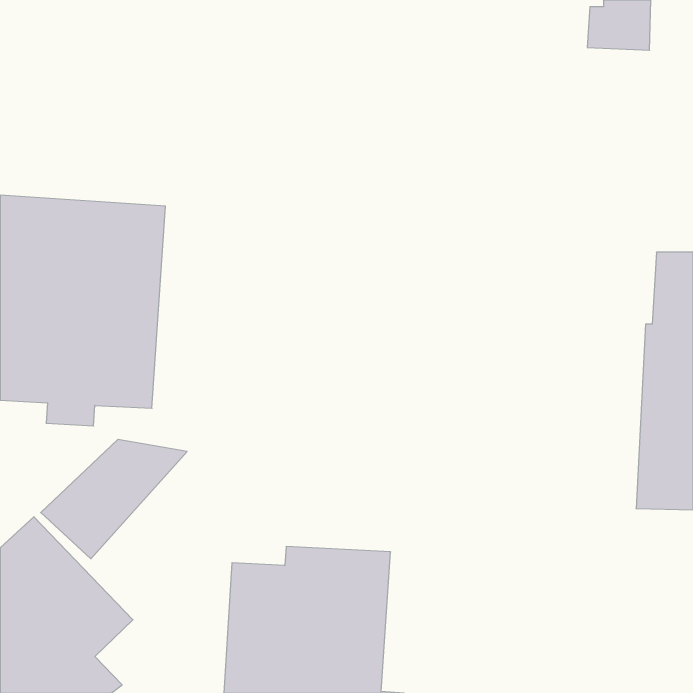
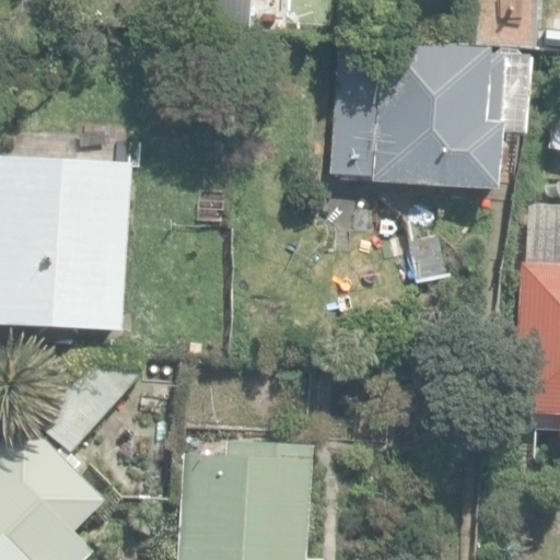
building: none -> [341,39,508,191]

